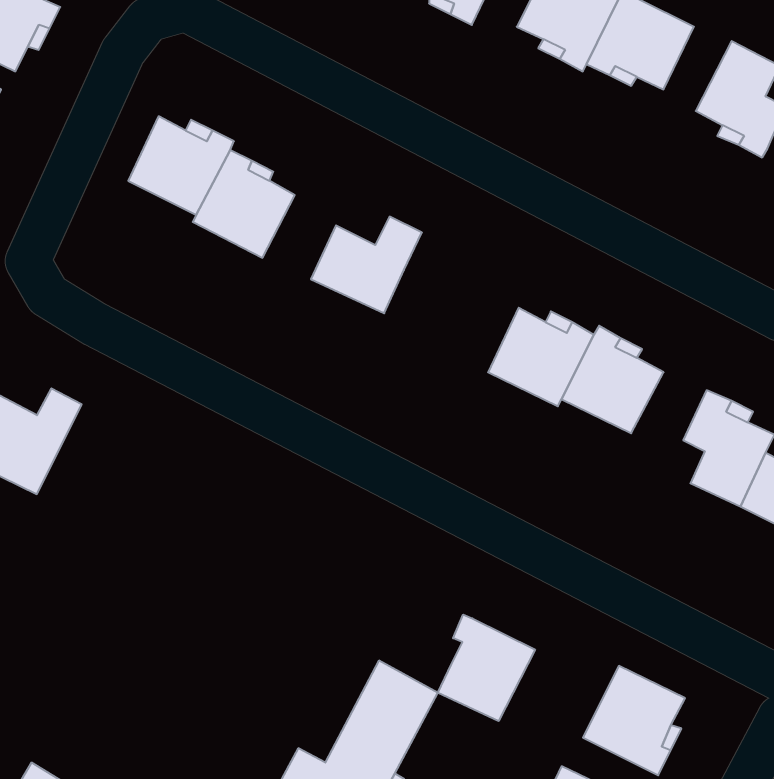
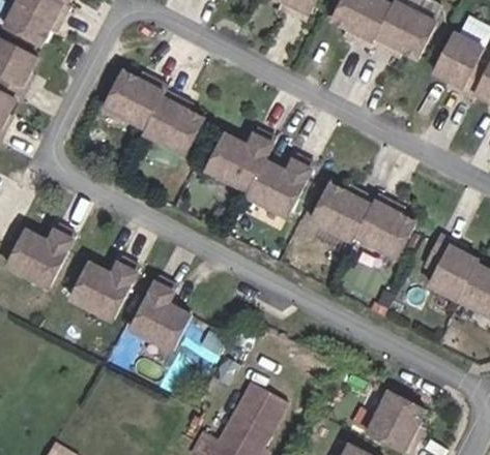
building: none -> [249,154,312,209]
building: none -> [73,259,139,321]
building: none -> [132,277,190,350]
building: [438,615,535,721] -> none

